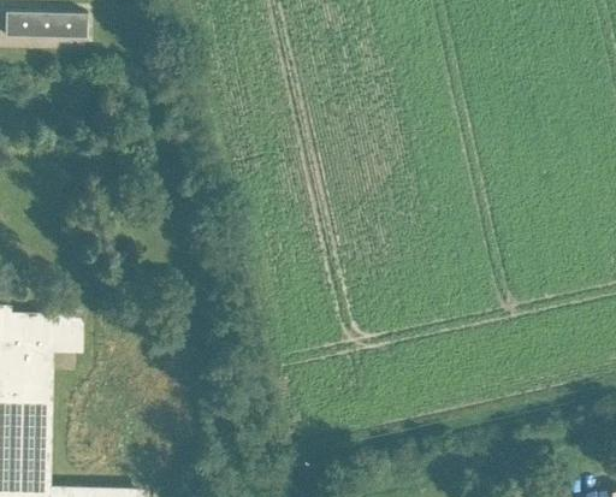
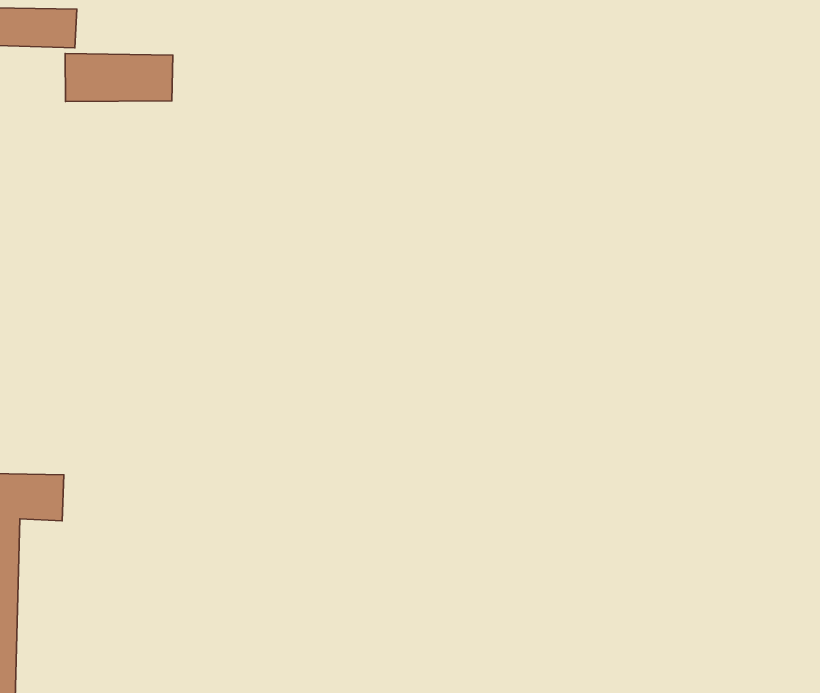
building: none -> [65,53,173,102]

